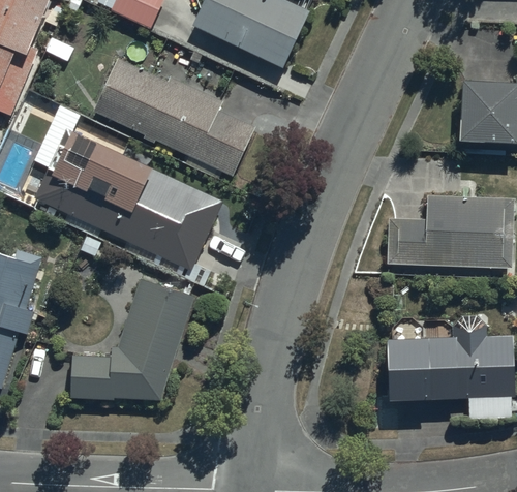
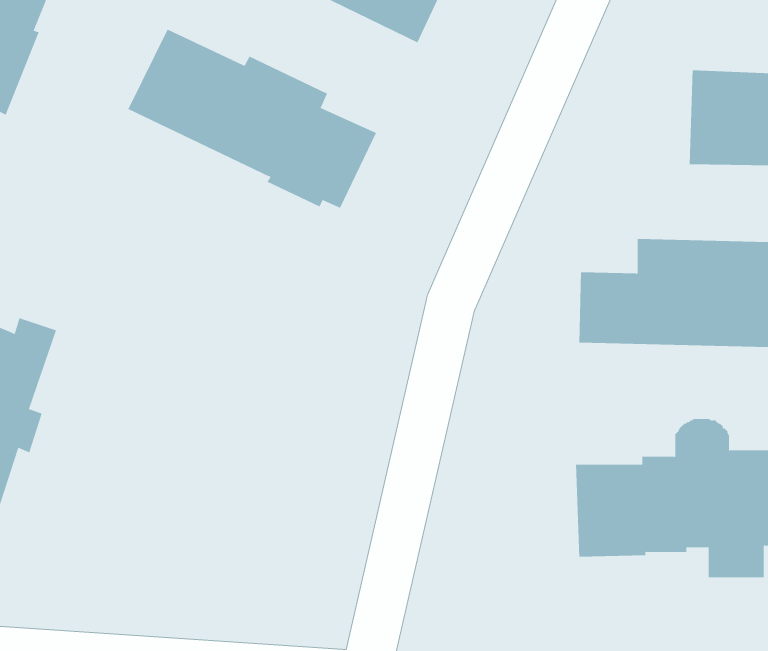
building: [35,127,221,270] -> none
building: [70,278,192,399] -> none

